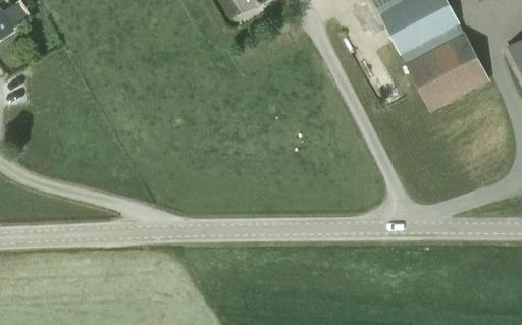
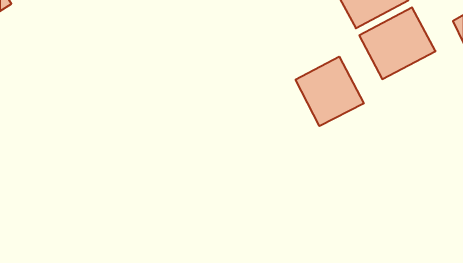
building: none -> [296,57,364,126]

